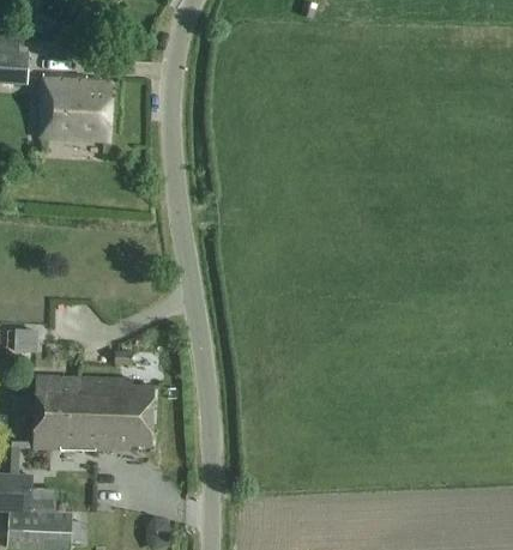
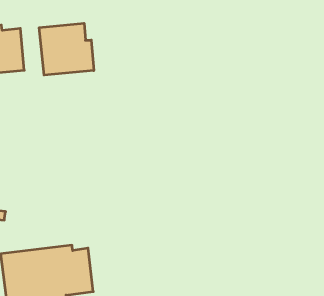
building: none -> [39,23,94,75]

